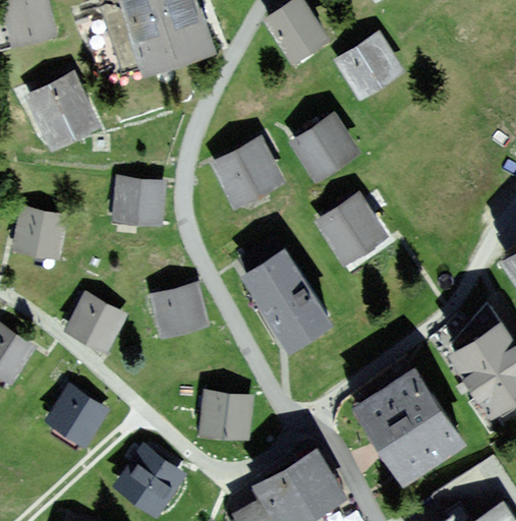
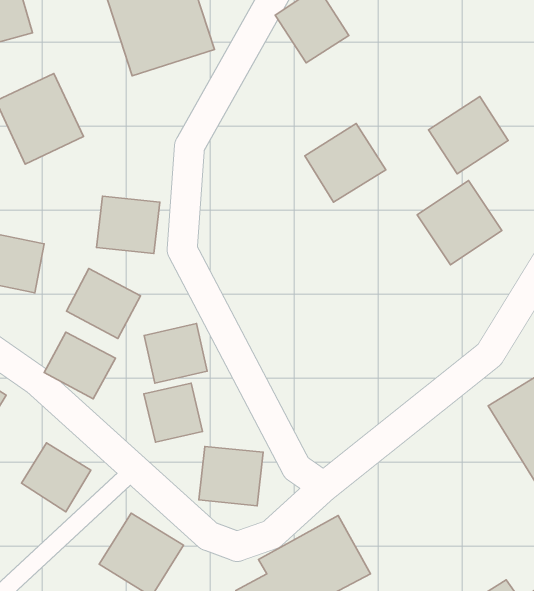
building: [334,33,402,99] -> [429,96,508,174]
building: [211,136,283,207] -> none
building: [314,192,387,265] -> [417,180,502,265]
building: none -> [67,269,140,339]
building: [240,248,332,351] -> none
building: none -> [144,383,203,442]
building: [352,366,467,486] -> none

